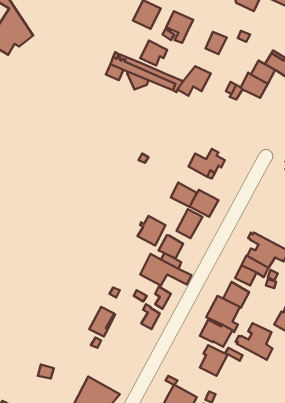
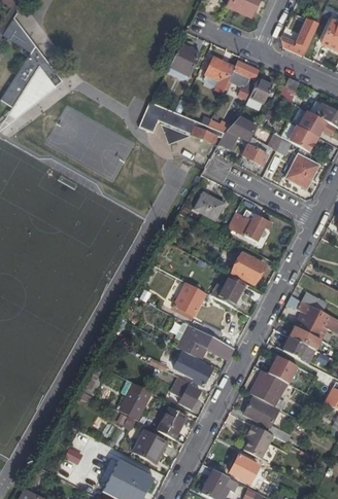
building: [140,40,167,66] -> [228,61,258,88]
building: none -> [241,138,269,165]
building: none -> [284,154,317,188]
building: [171,183,197,207] -> [194,193,223,220]
building: [158,235,183,259] -> none
building: [235,323,273,360] -> none
building: none -> [156,407,183,439]
building: none -> [133,432,163,463]
building: none -> [229,455,255,483]

